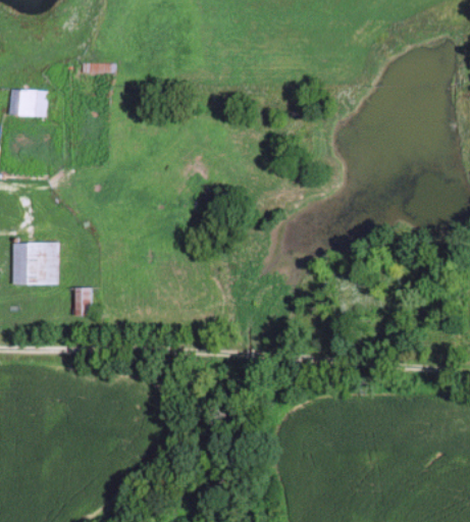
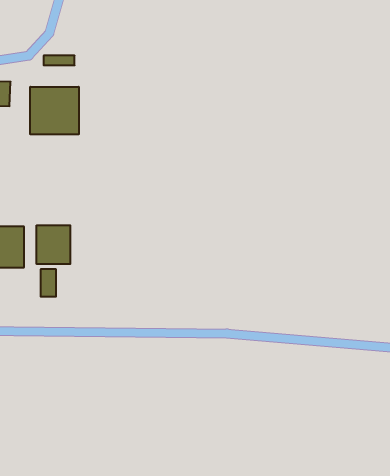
building: none -> [30,87,79,134]
building: none -> [37,225,70,264]

